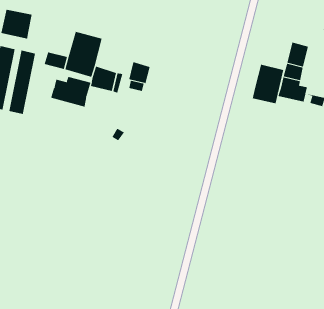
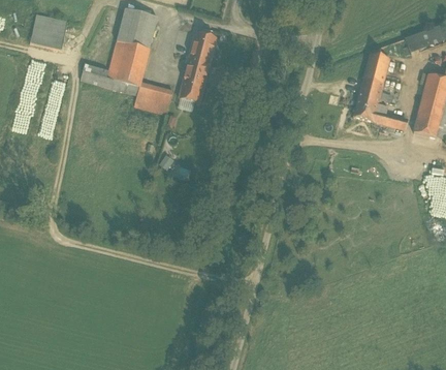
building: none -> [117,8,157,49]
building: none -> [184,32,216,82]
building: [252,64,284,104] -> none
building: [51,76,91,108] -> none

